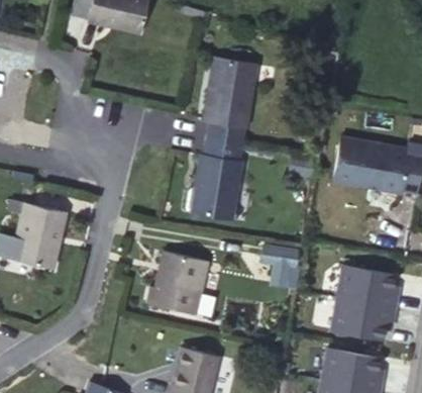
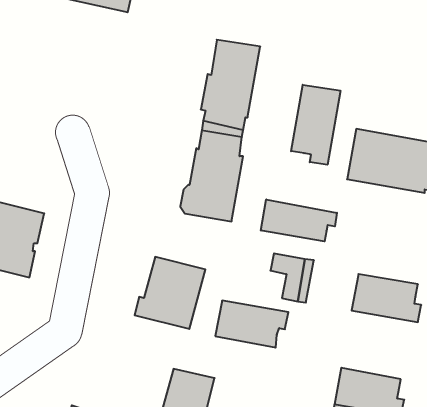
building: none -> [291,85,340,165]
building: none -> [261,199,337,241]
building: [331,298,396,339] -> [215,301,288,348]

